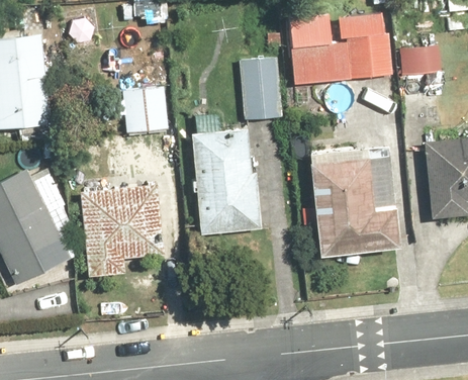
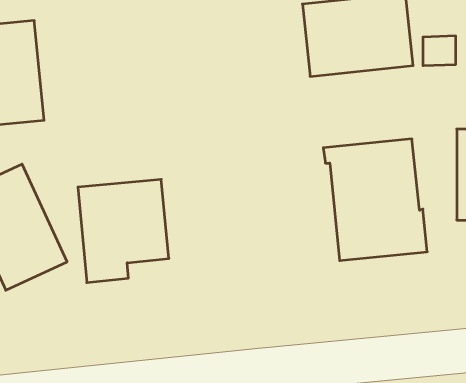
building: [238,57,280,119] -> none
building: [121,86,167,132] -> none
building: [193,128,261,232] -> none

